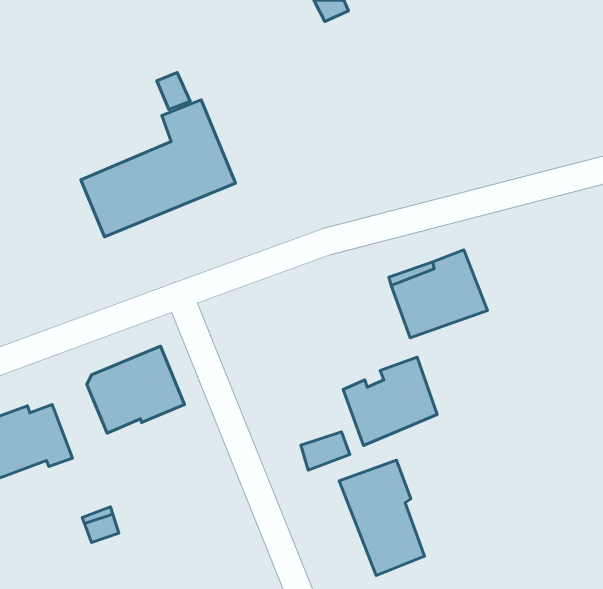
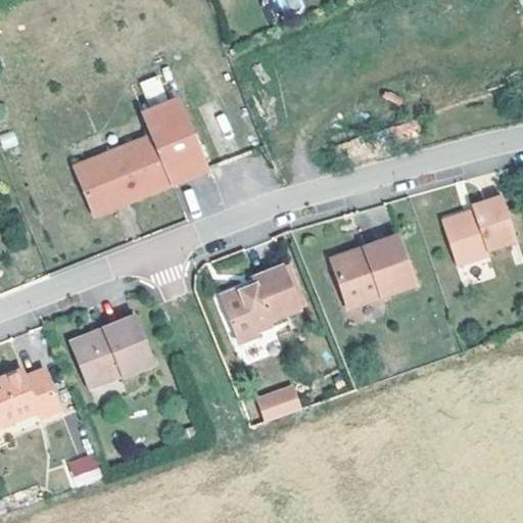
building: none -> [437,192,514,264]
building: [343,357,437,445] -> [222,264,302,339]
building: [339,460,425,575] -> none

